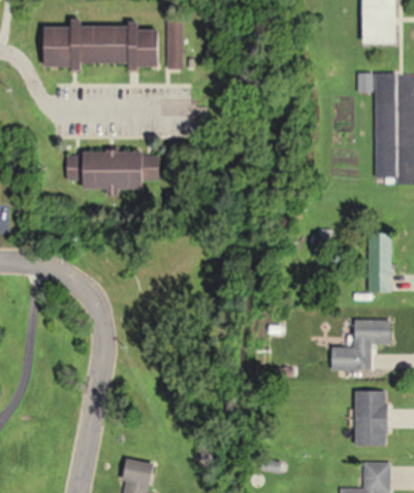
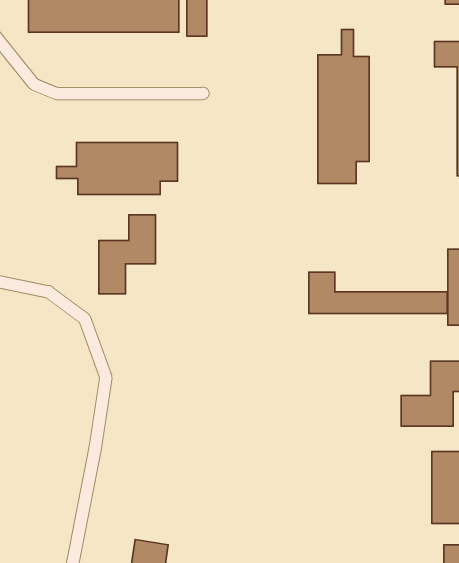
building: none -> [318,29,369,183]
building: none -> [99,215,155,294]
building: none -> [309,272,447,313]

